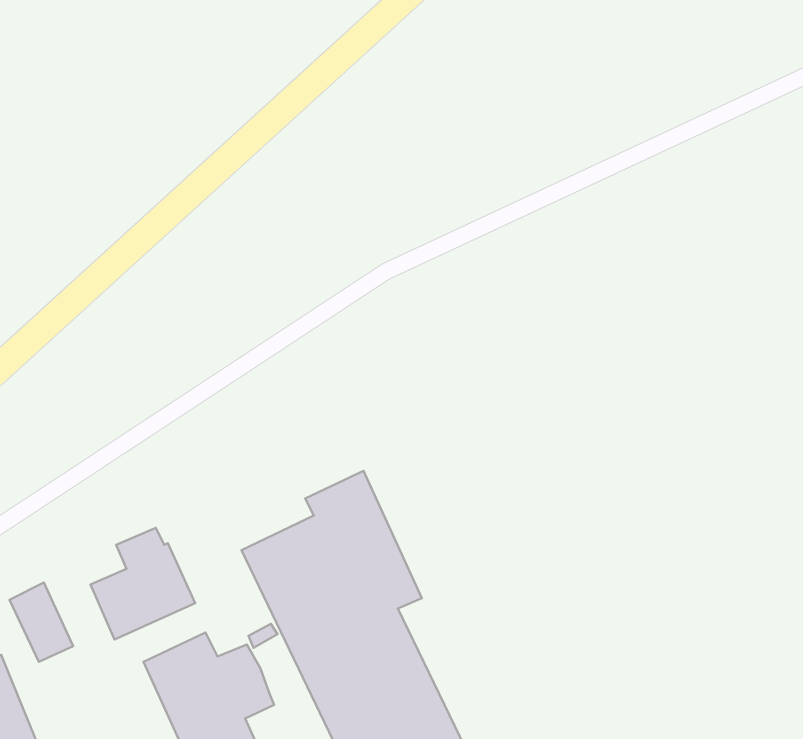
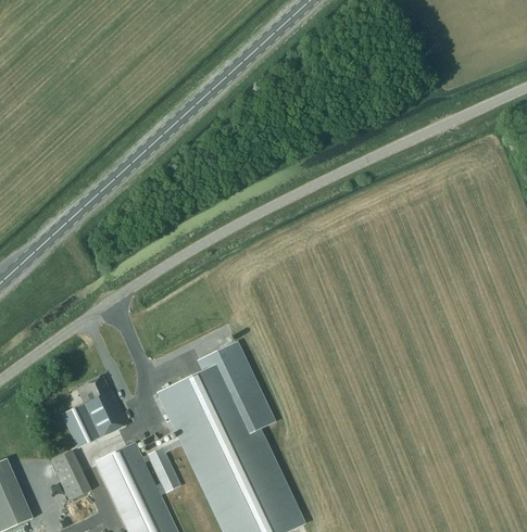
building: [10,583,73,662] -> [51,451,91,501]

